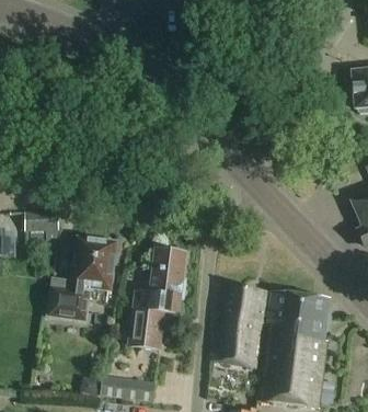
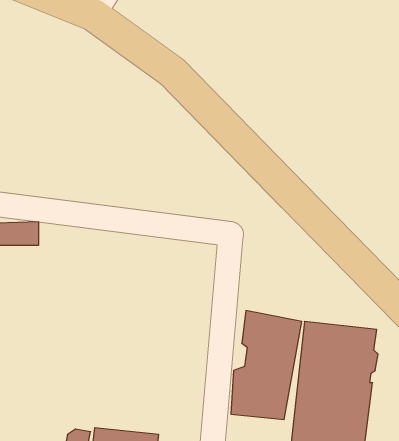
building: [45,237,117,327] -> none
building: [129,248,186,347] -> none

